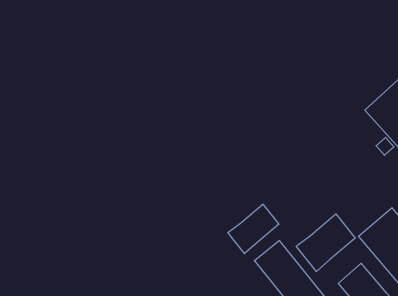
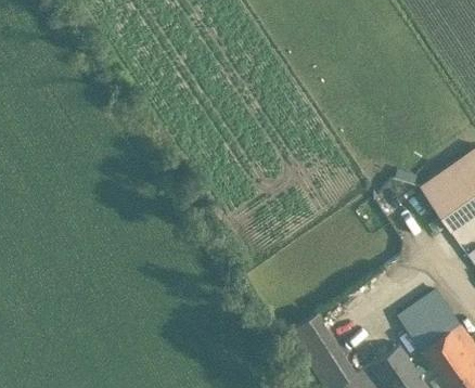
building: [228,204,279,254] -> none
building: [296,214,355,271] -> none

